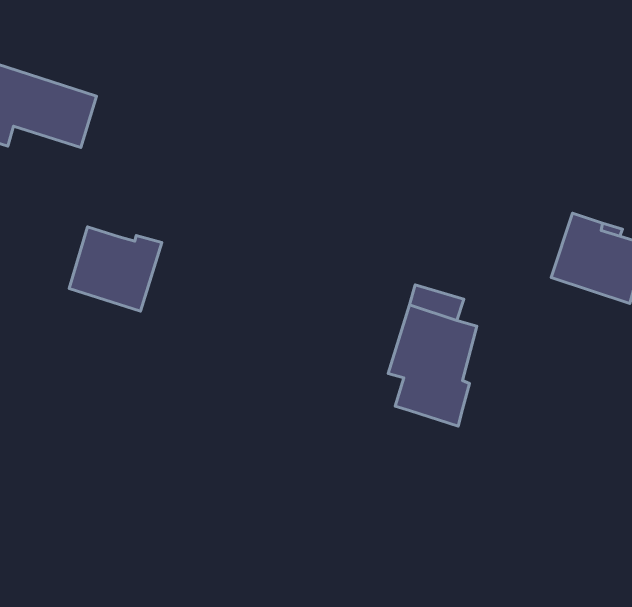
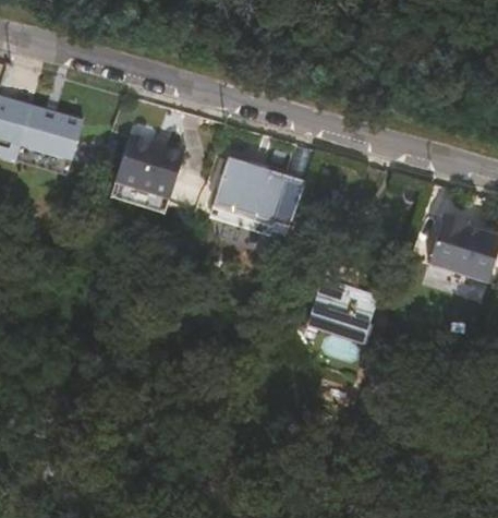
building: none -> [212,153,307,227]
building: [69,227,162,311] -> [116,134,186,198]

